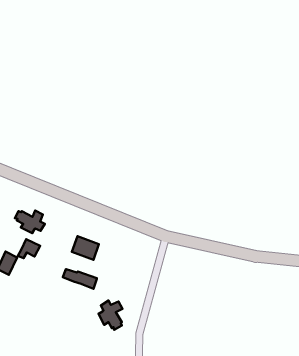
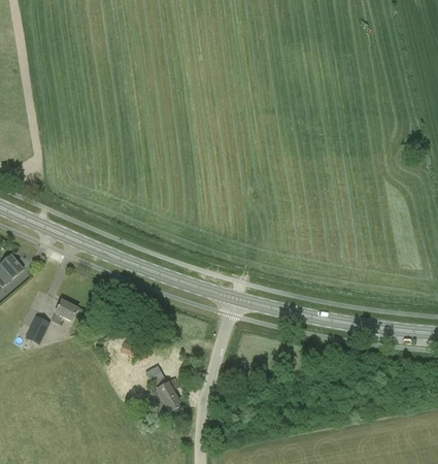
building: [15,211,45,233] -> none
building: [72,236,99,260] -> none

